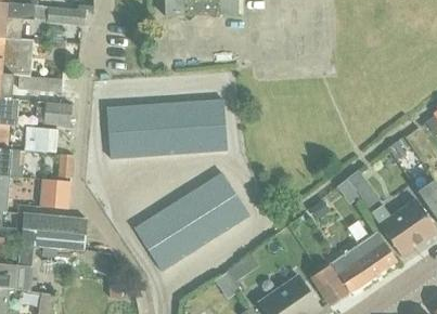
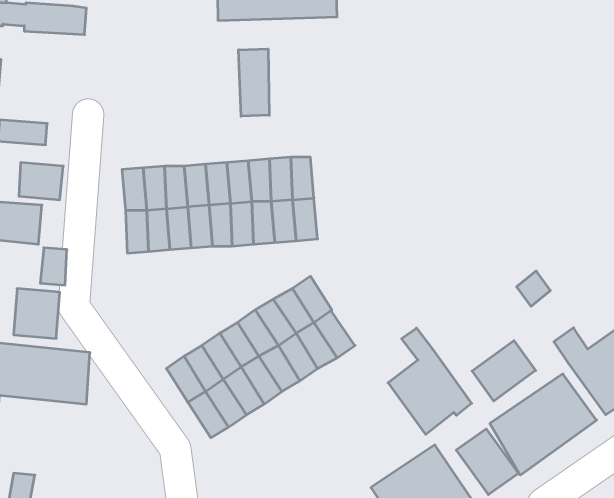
building: none -> [239,49,269,116]
building: none -> [388,328,472,434]
building: none -> [472,341,536,401]

